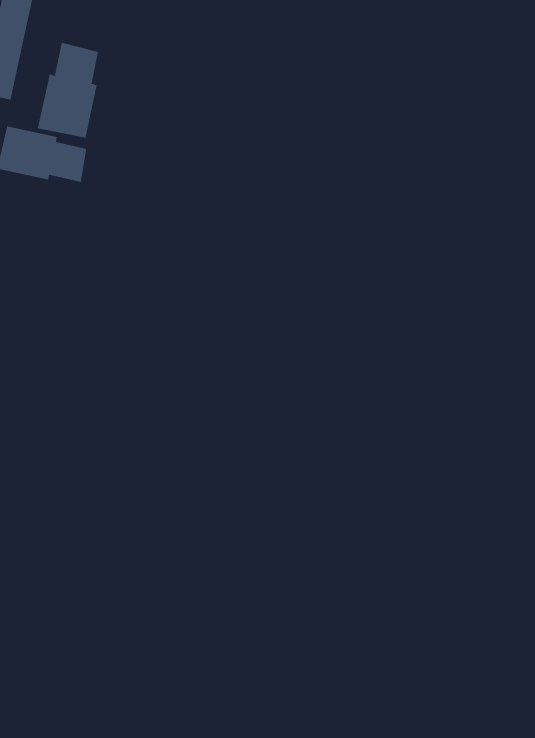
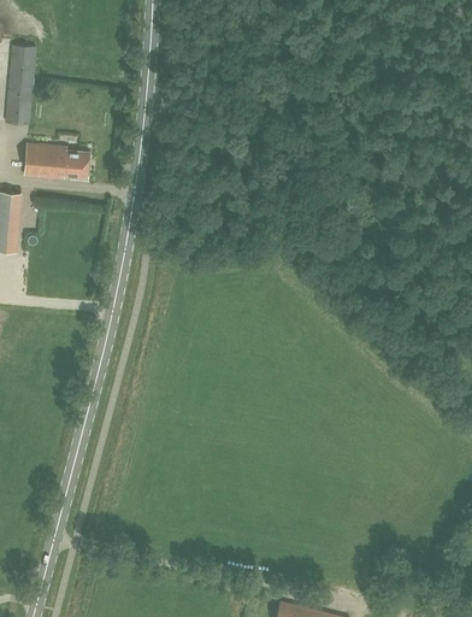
building: [37,42,99,138] -> none

